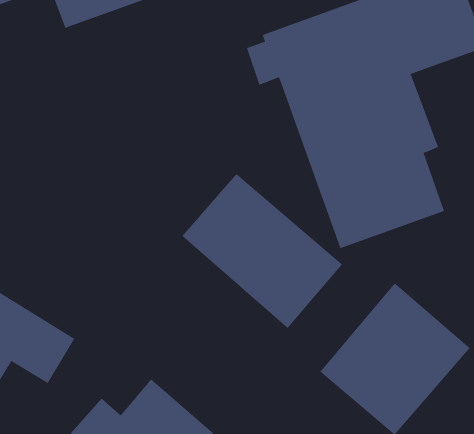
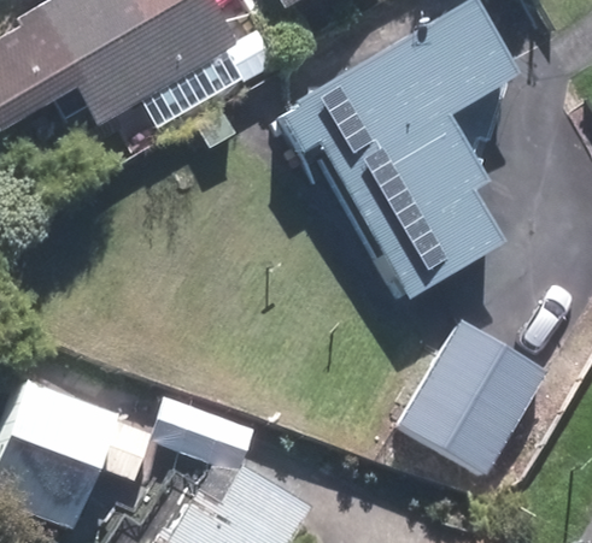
building: [181,173,343,329] -> none

